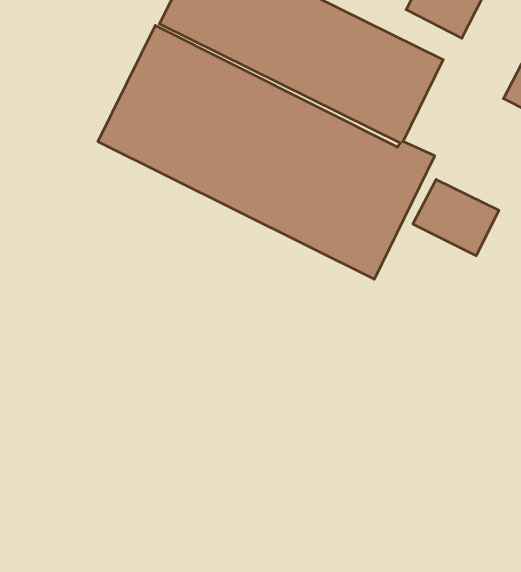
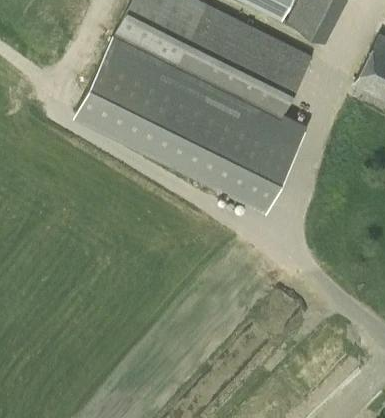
building: [413,179,499,256] -> none

